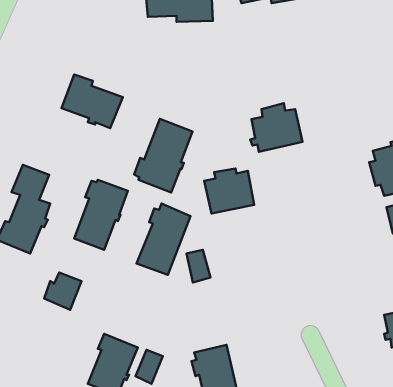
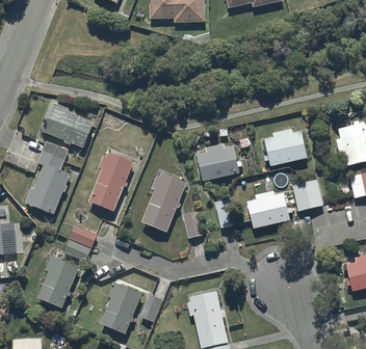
building: [62,74,123,128] -> [43,103,94,147]
building: [250,103,303,152] -> [264,126,308,166]
building: [134,119,193,192] -> none
building: none -> [293,180,324,211]
building: none -> [247,190,290,229]
building: none -> [37,254,80,308]

